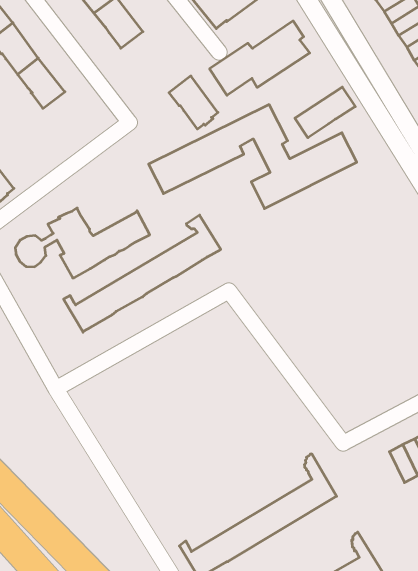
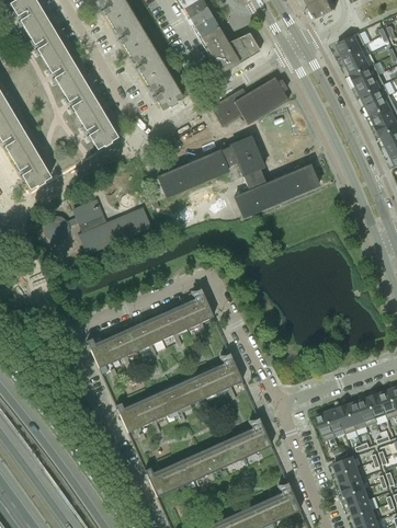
building: [169,76,218,129] -> [145,68,181,110]
building: [295,87,355,138] -> none
building: none -> [79,107,116,148]
building: [64,215,221,332] -> [87,287,213,367]
building: none -> [115,345,242,431]

